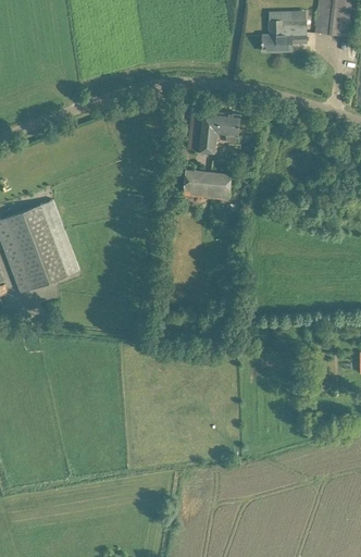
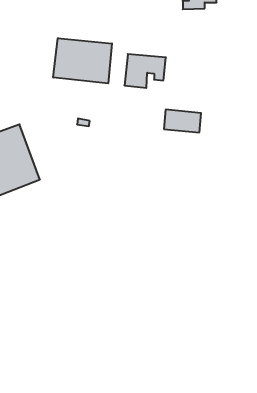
building: none -> [53,38,112,83]
building: [183,170,231,199] -> [164,110,201,132]

